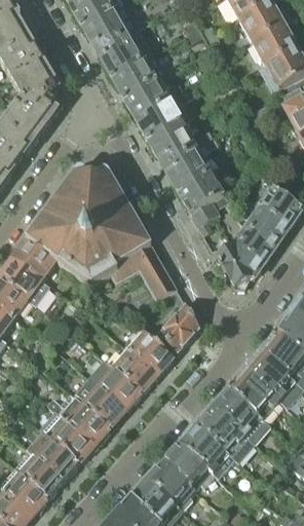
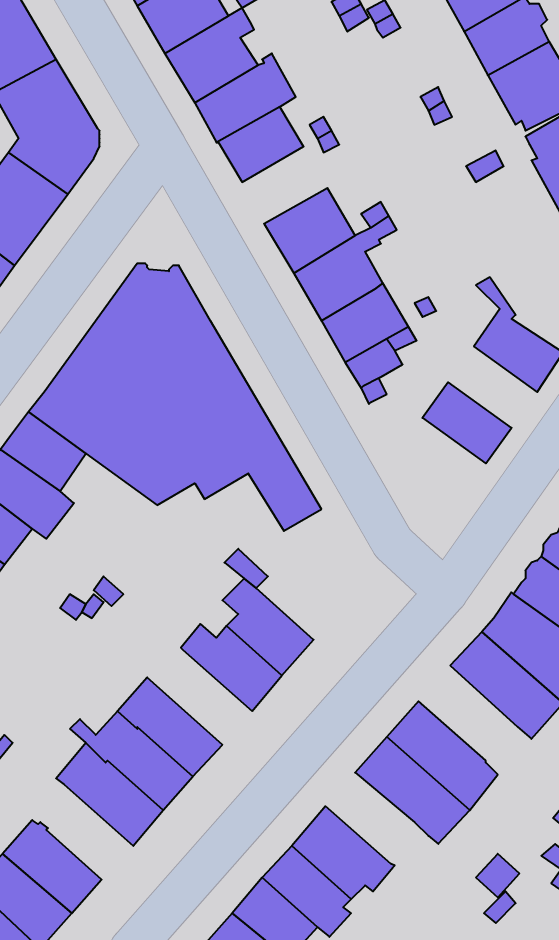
building: [136,100,181,140] -> none
building: [243,203,290,246] -> none
building: [216,240,263,289] -> none
building: [157,302,200,351] -> none
building: [87,361,142,410] -> none
building: [228,369,279,418] -> none
building: [180,424,233,476] -> none
building: [34,430,80,480] -> none

